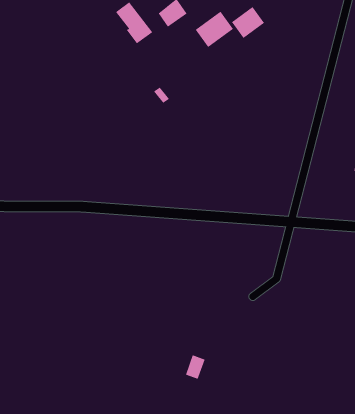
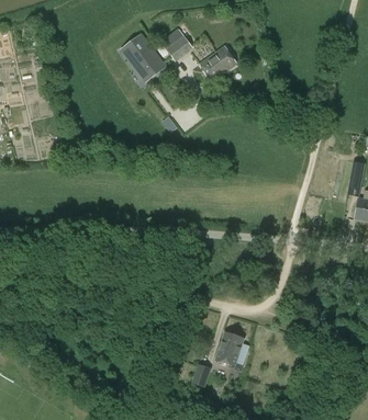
building: [231,6,265,39] -> none
building: none -> [215,331,248,366]

